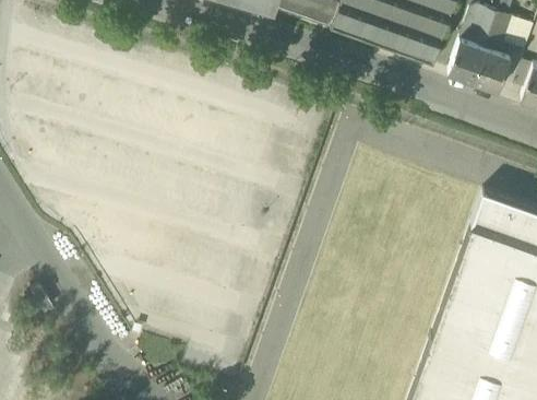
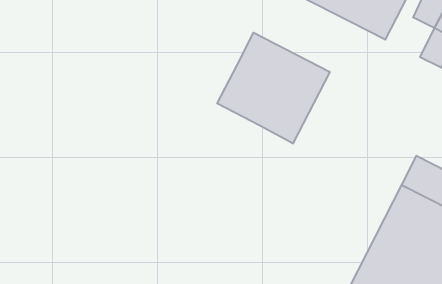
building: [450,40,487,83] -> none
building: none -> [217,33,330,144]

